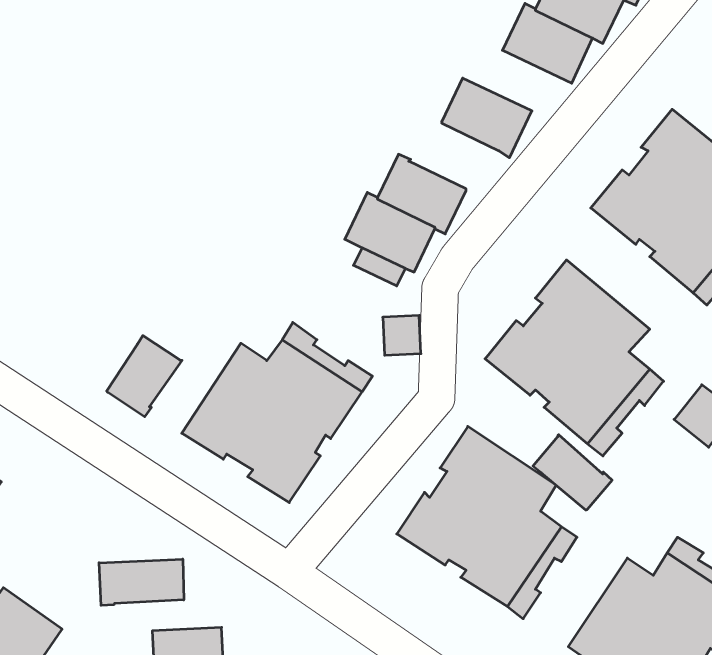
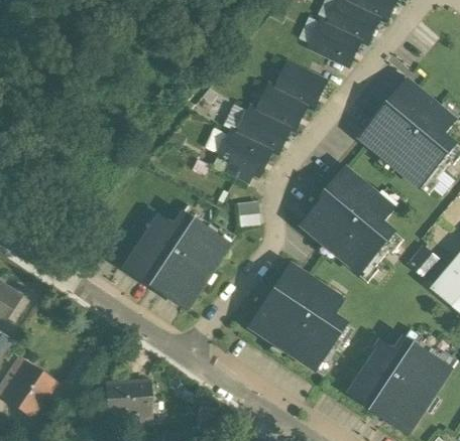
building: none -> [254,84,307,130]
building: [107,336,182,417] -> none
building: [533,435,612,510] -> none
building: [99,559,184,605] -> none

